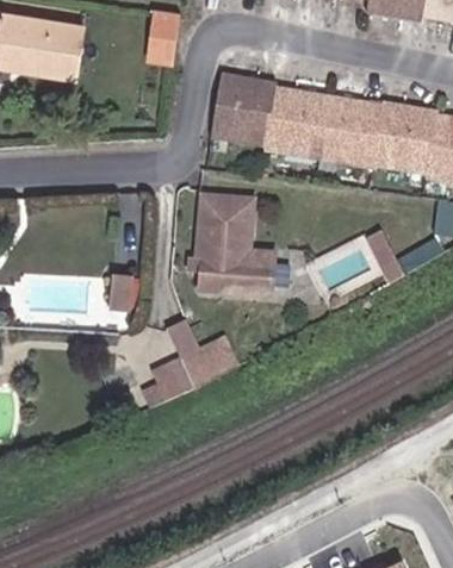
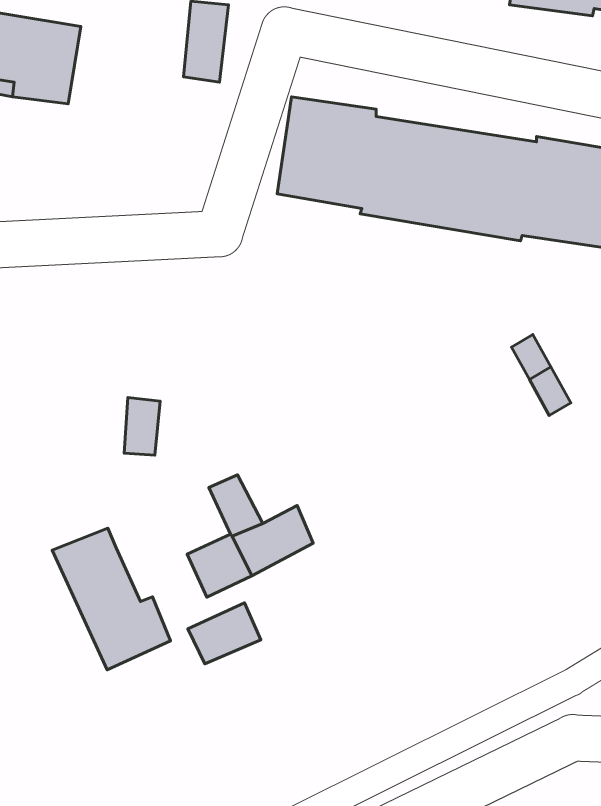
building: [194,196,273,298] -> none
building: none -> [52,528,171,670]
building: none -> [188,603,261,664]

